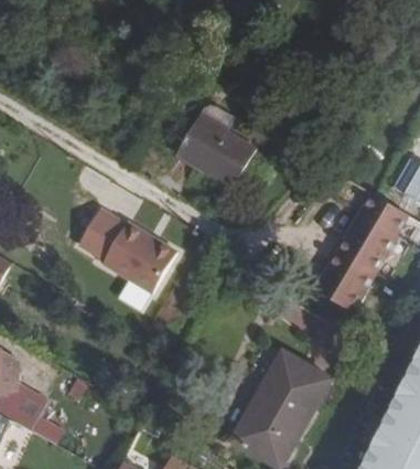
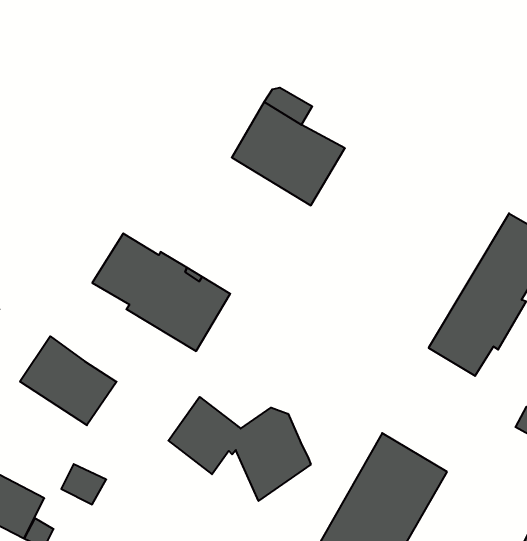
building: none -> [20,336,117,425]
building: none -> [168,397,311,501]

